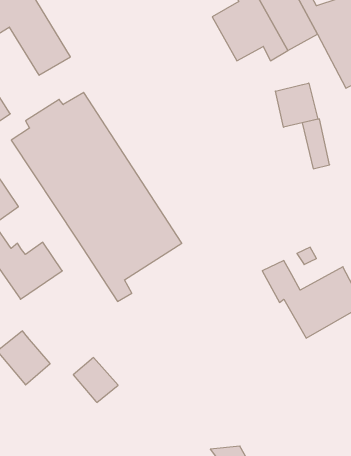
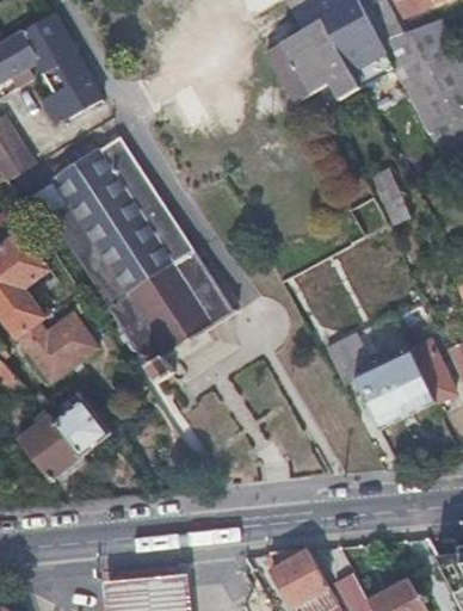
building: [275,83,318,127] -> none
building: [73,358,118,402] -> [55,403,107,456]

